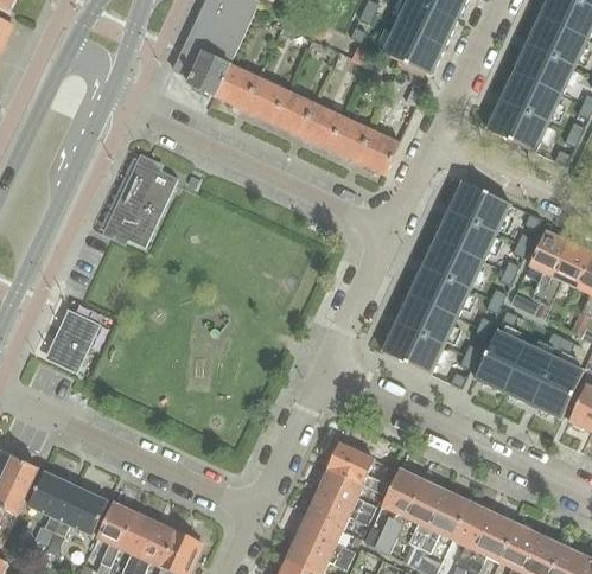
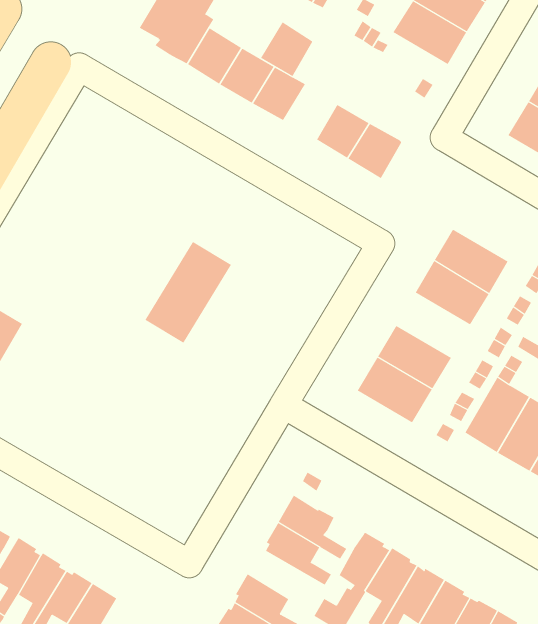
building: [299,102,342,147] -> [260,21,313,77]
building: [109,161,177,247] -> [145,241,232,344]
building: [447,180,509,232] -> none
building: [408,266,470,317] -> none
building: [305,491,370,529] -> none

